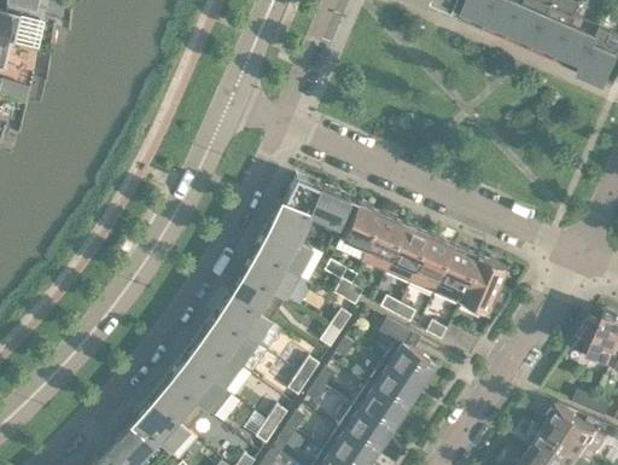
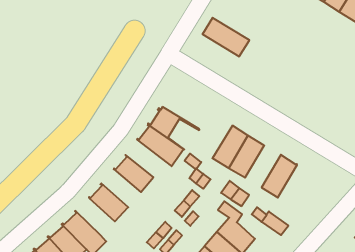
building: [284,176,349,225] -> [202,18,249,56]
building: [342,203,383,262] -> none
building: [409,236,454,293] -> none
building: [241,250,307,298] -> none
building: [457,256,511,313] -> none
building: [214,295,269,344] -> none
building: [183,338,239,388] -> none

